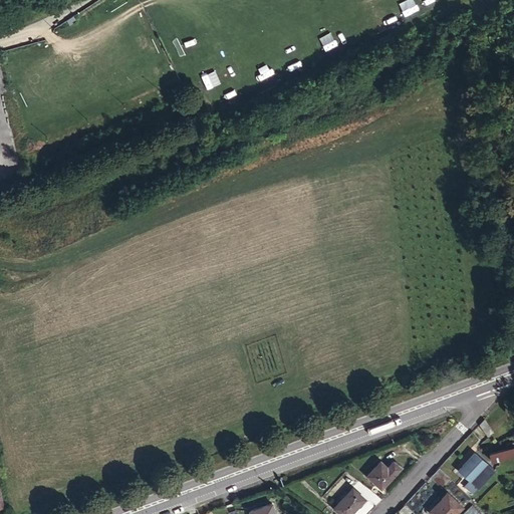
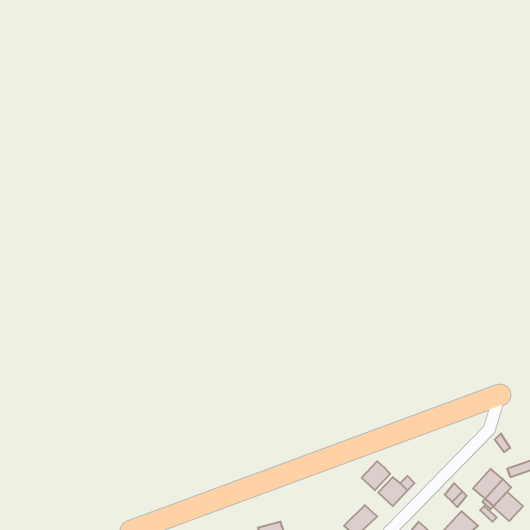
building: none -> [362,461,390,490]
building: none -> [493,492,523,521]

